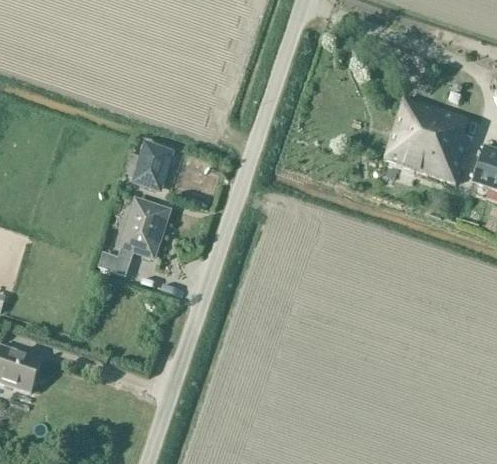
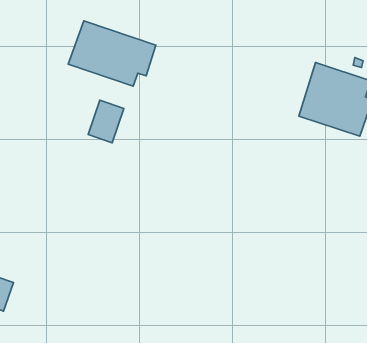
building: none -> [68,21,156,86]
building: [98,198,168,275] -> none

